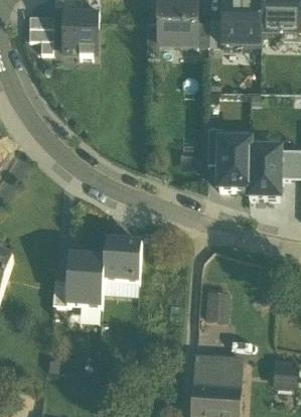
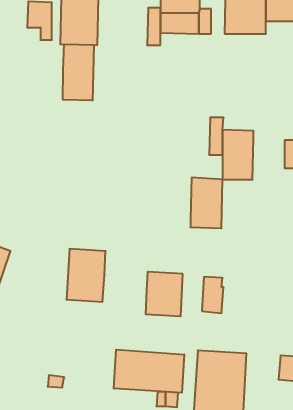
building: none -> [63,44,94,101]
building: [248,147,279,196] -> [190,178,223,228]
building: [104,239,140,282] -> [146,272,183,316]
building: none -> [114,350,184,393]

